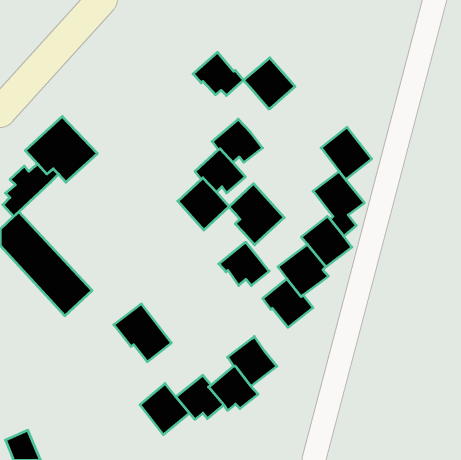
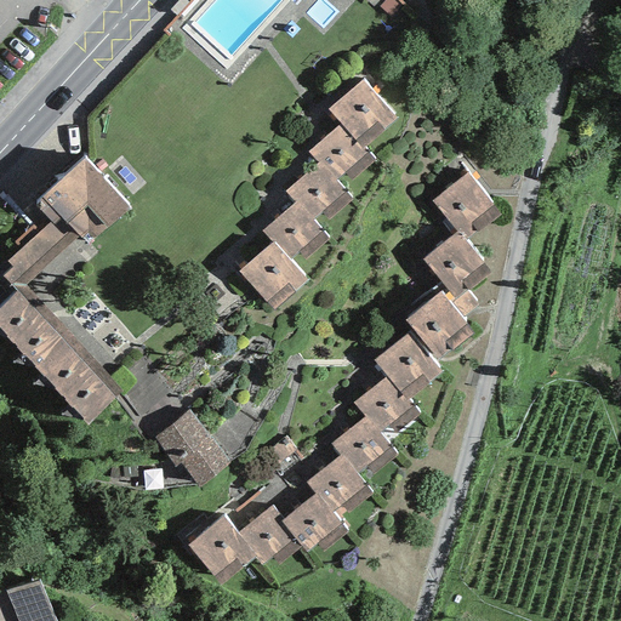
building: [193,52,244,96] -> [307,121,375,180]
building: [229,184,284,245] -> none
building: [219,242,269,286] -> [330,415,398,473]

